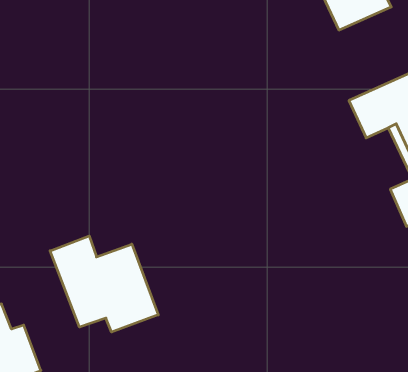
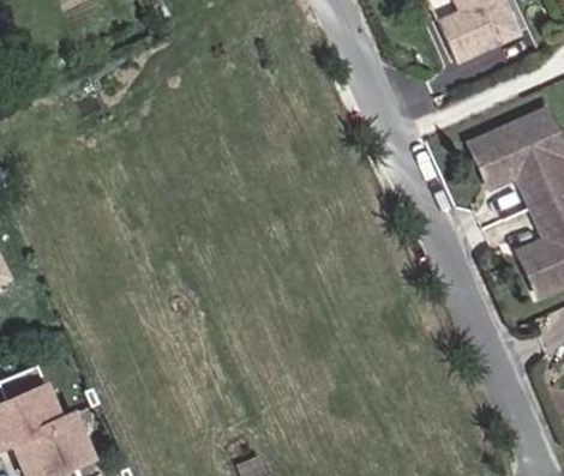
building: [50,236,158,332] -> none

